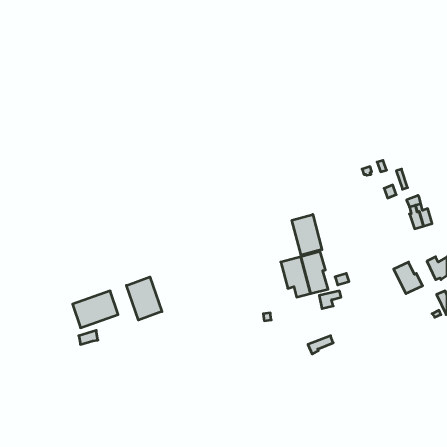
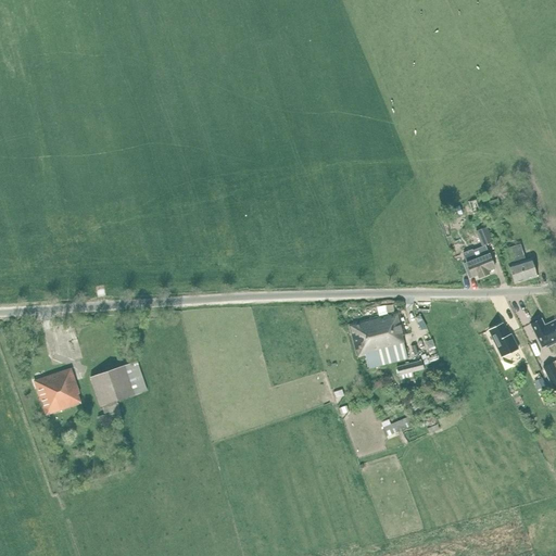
building: none -> [463,250,494,277]
building: [292,214,322,255] -> none
building: [126,277,162,320] -> none
building: none -> [34,368,80,415]

